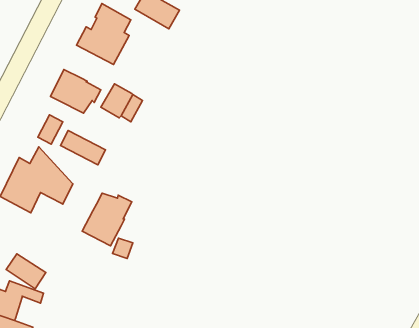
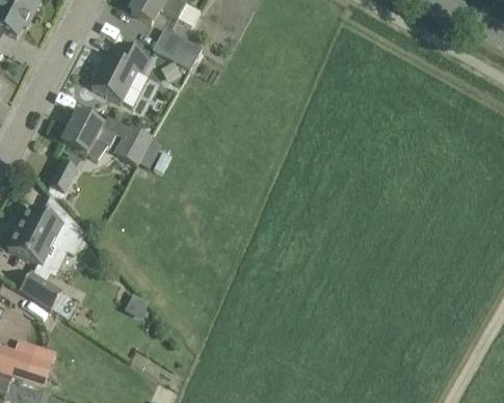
building: [60,130,106,165] -> none
building: [82,193,132,246] -> none
building: [6,254,46,289] -> [19,271,61,308]

